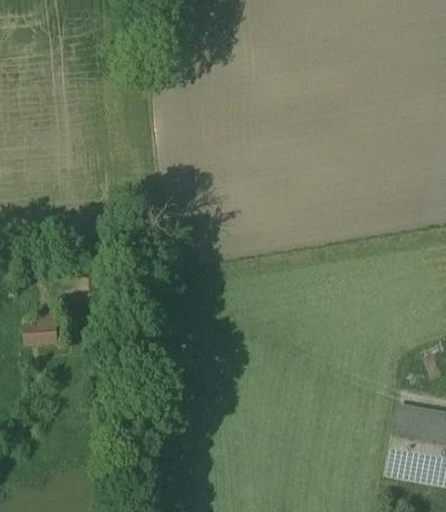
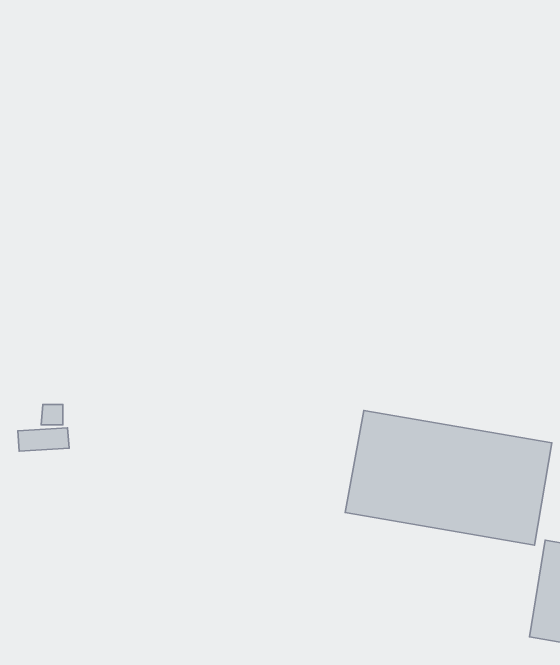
building: none -> [345,411,552,545]

